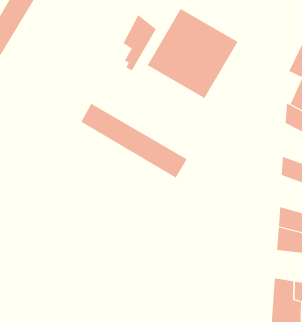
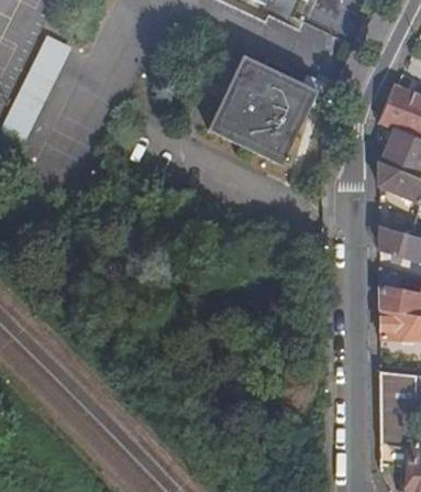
building: [123,14,157,71] -> none
building: [80,103,188,178] -> none

